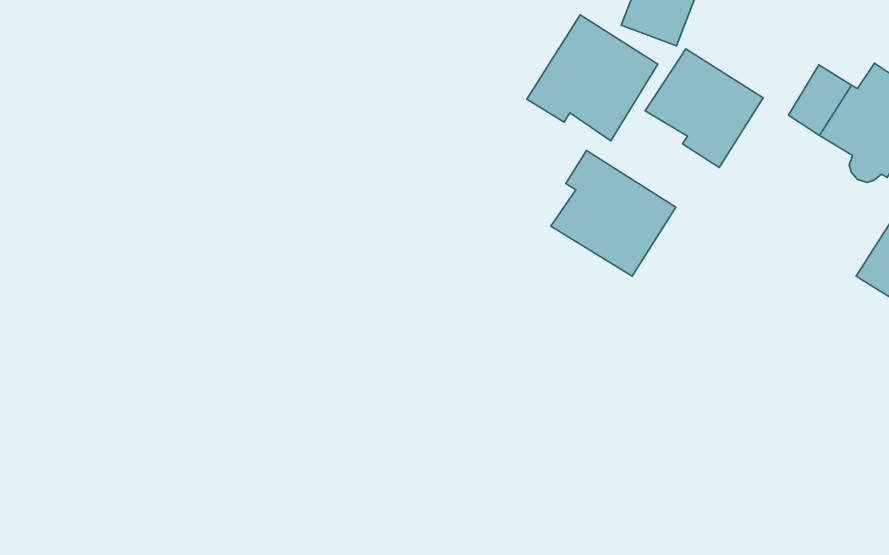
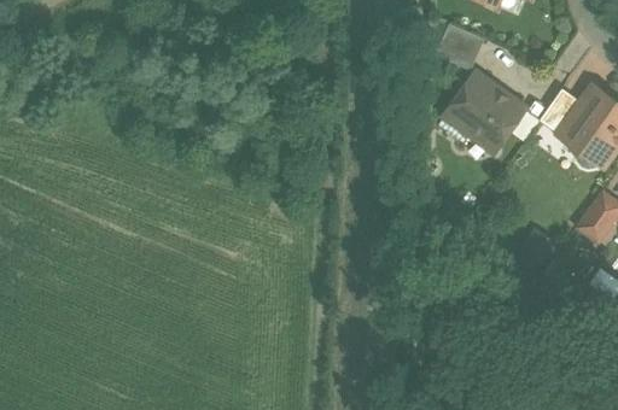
building: [527,15,658,141] -> none
building: [551,150,676,276] -> none

